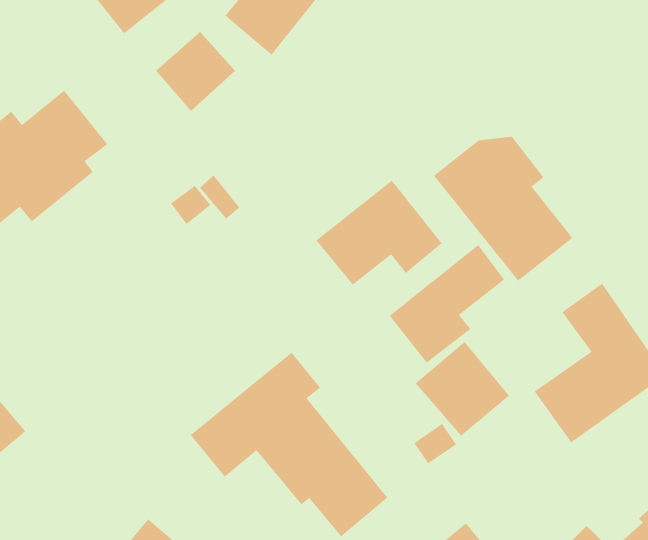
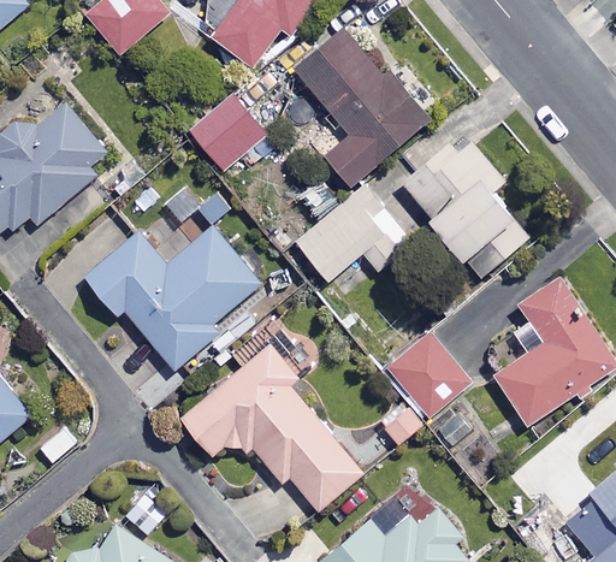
building: none -> [296,28,428,188]
building: [155,31,236,112] -> [191,96,265,170]
building: none -> [85,230,257,368]
building: [389,244,505,364] -> none

